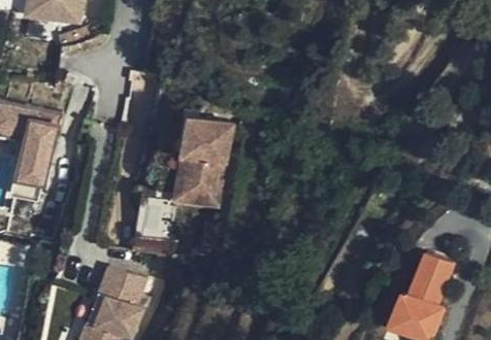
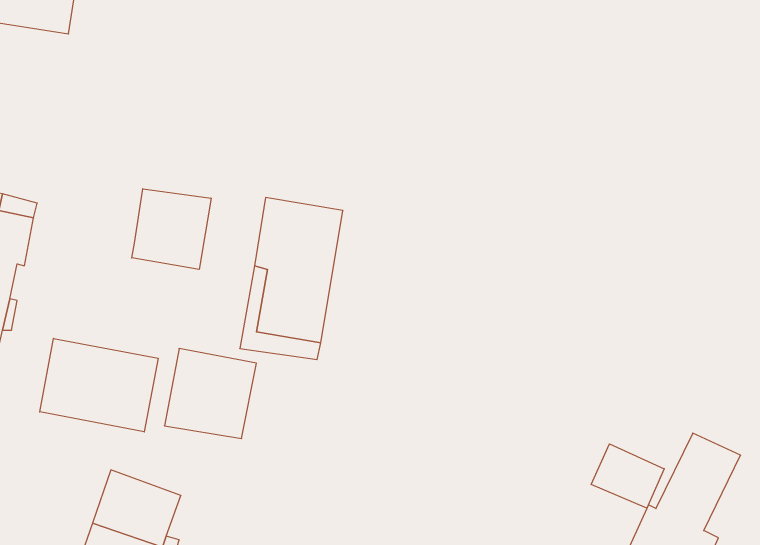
building: none -> [132,189,211,269]
building: none -> [40,338,158,432]
building: none -> [591,444,664,508]

